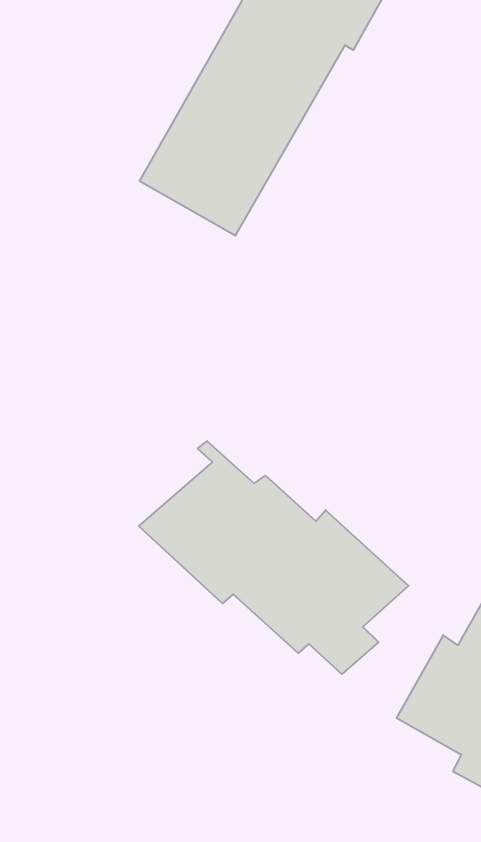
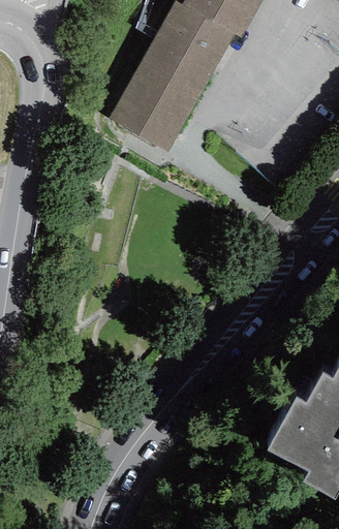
building: [139,441,409,674] -> none

